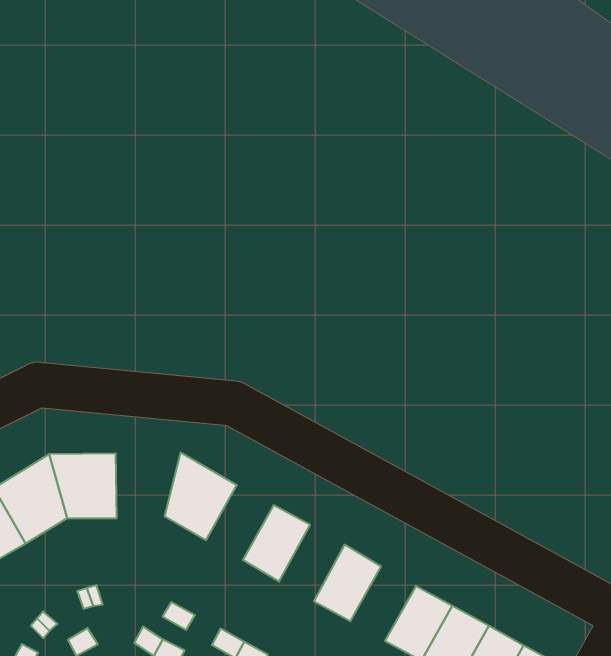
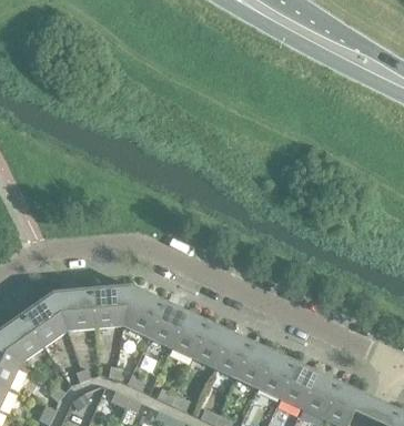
building: none -> [92,286,130,327]
building: none -> [149,303,186,346]
building: none -> [193,323,230,367]
building: none -> [236,344,273,387]

